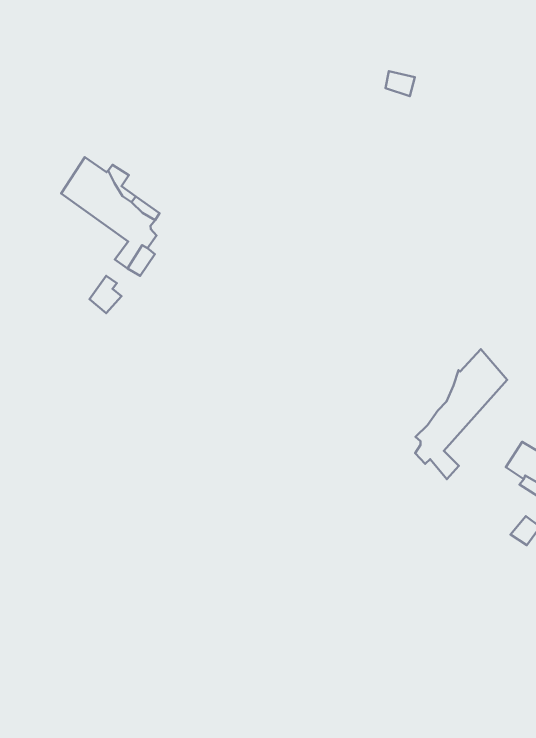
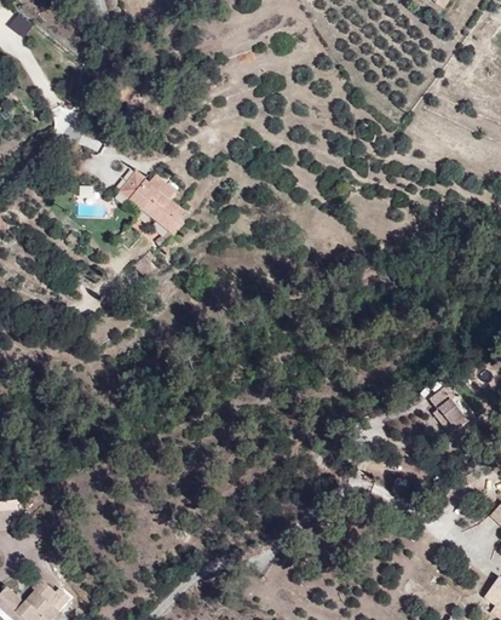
building: [415,349,507,479] -> none

